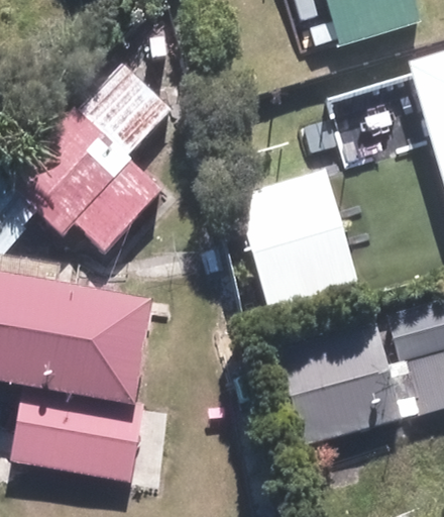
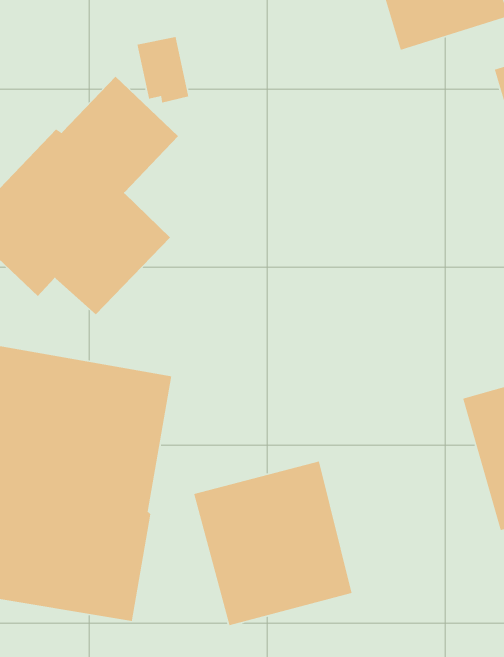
building: [246,189,352,310] -> none
building: [281,317,403,444] -> [193,460,353,626]

